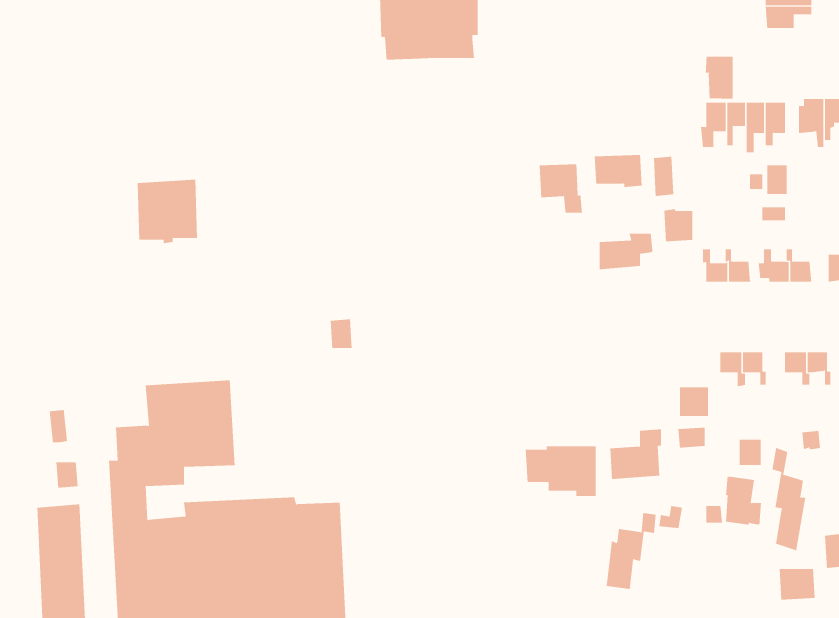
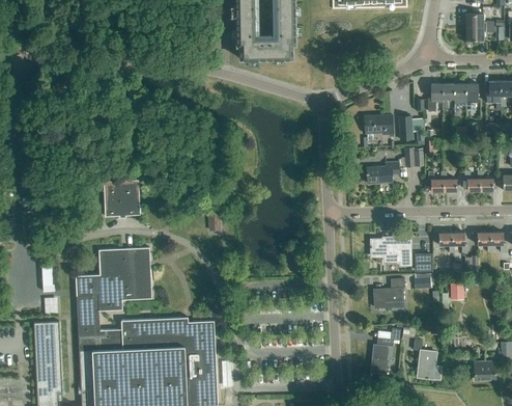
building: [705,56,733,100] -> none
building: [539,163,582,214] -> none
building: [137,179,198,244] -> [104,180,140,218]
building: [525,446,597,496] -> [369,236,411,266]
building: [772,447,806,551] -> none
building: [725,476,762,525] -> [419,350,440,379]

